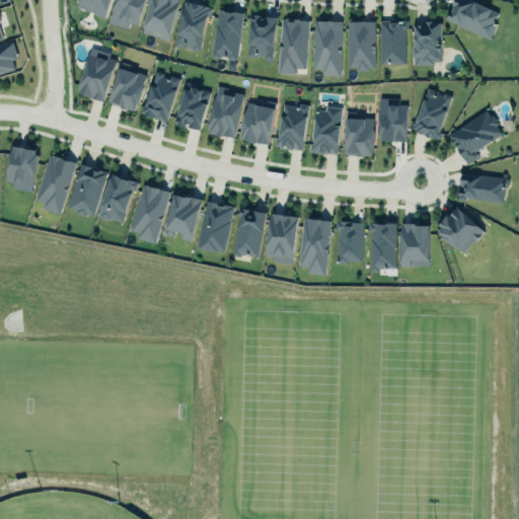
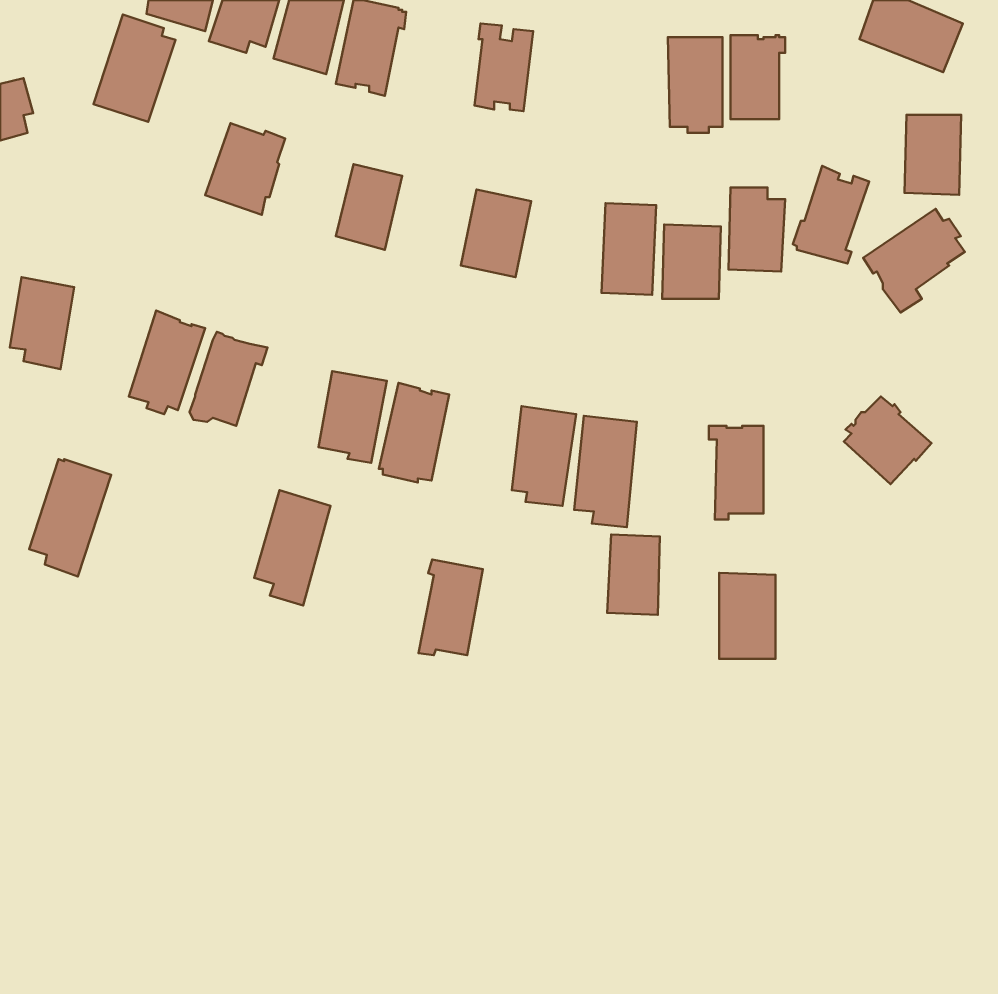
building: [211,10,243,62] -> none
building: [278,18,308,73] -> none
building: [312,21,342,76] -> none
building: [413,24,442,66] -> [905,115,961,195]
building: [75,47,118,102] -> [94,14,176,122]
building: [140,72,180,122] -> none
building: [207,87,242,140] -> none
building: [275,105,308,150] -> none
building: [33,154,76,215] -> [29,459,111,576]
building: [458,172,509,203] -> none
building: [130,184,169,244] -> [254,490,330,605]
building: [232,208,266,257] -> [418,560,483,655]
building: [336,222,363,264] -> [607,535,660,615]
building: [400,222,430,267] -> [719,573,776,659]

